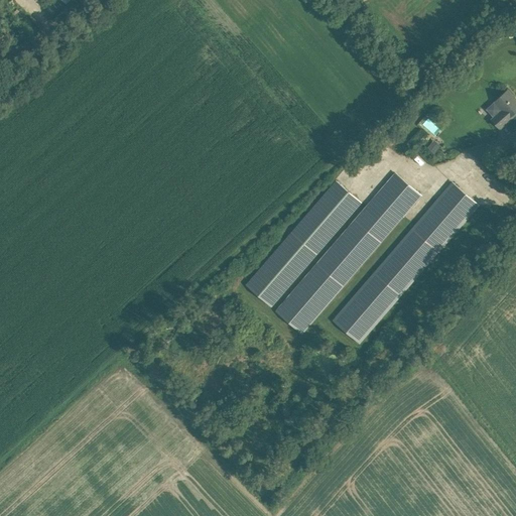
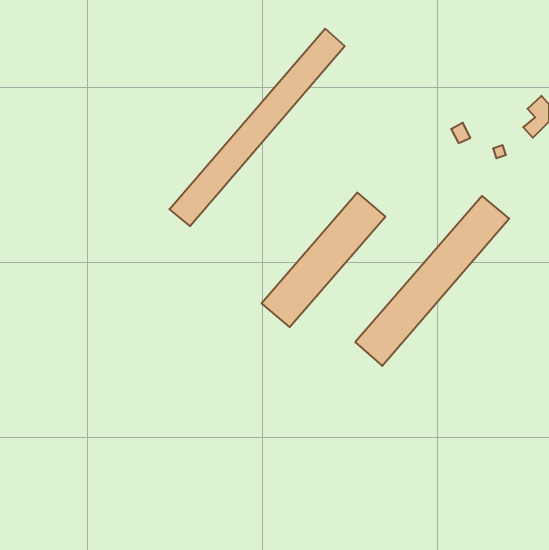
building: none -> [169,29,345,226]
building: [274,171,421,335] -> none

